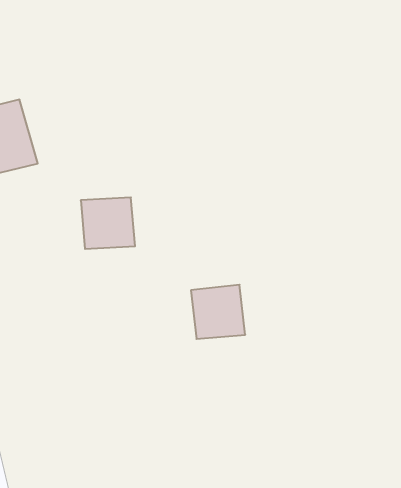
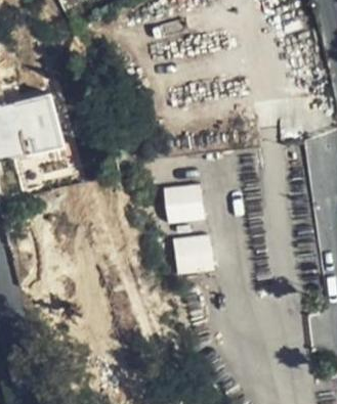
building: [81,197,135,249] -> [163,185,203,223]

